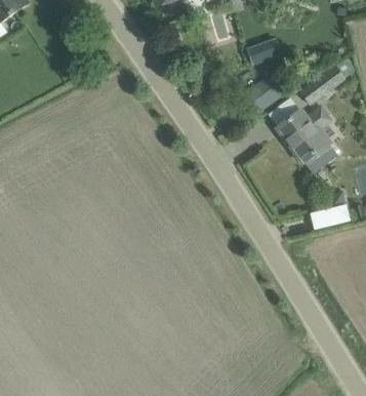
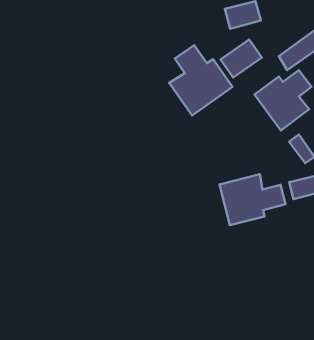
building: none -> [169,45,233,115]
building: none -> [219,174,285,225]

